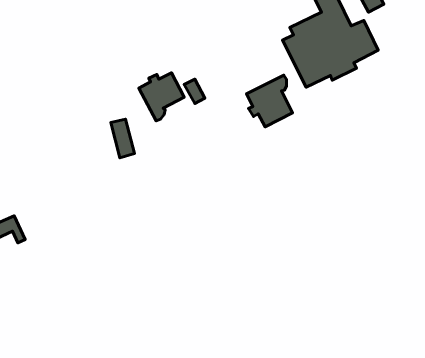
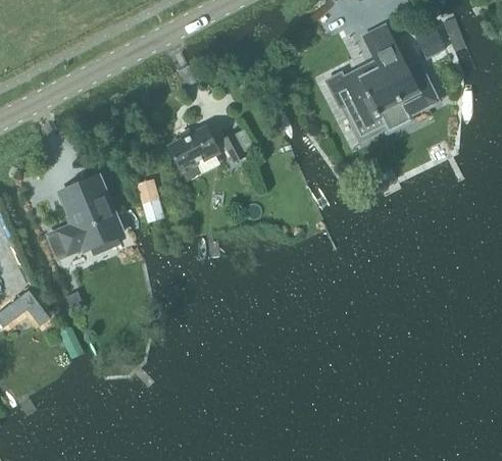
building: [247,75,293,127] -> none
building: none -> [58,175,119,251]

